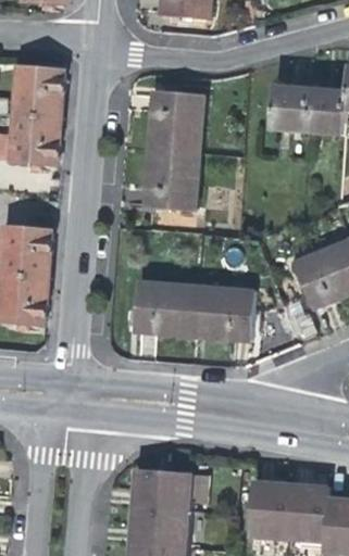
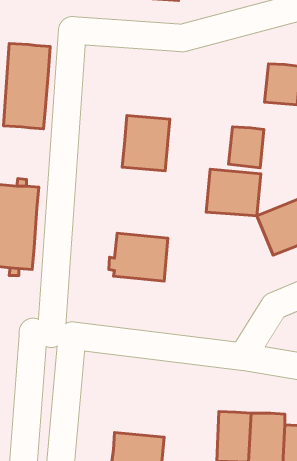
building: [270,85,310,131] -> [229,127,264,168]
building: [149,90,202,151] -> none
building: [191,286,253,339] -> [206,169,261,216]
building: [135,470,195,511] -> none

